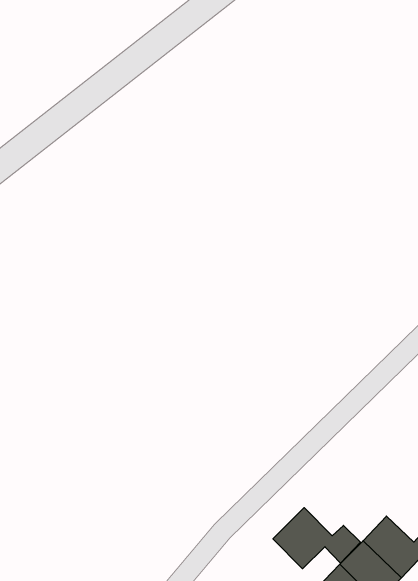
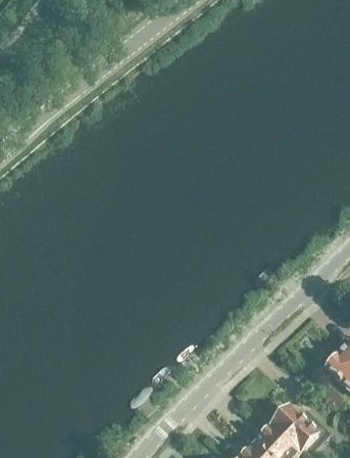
building: [273,508,361,569] -> none

